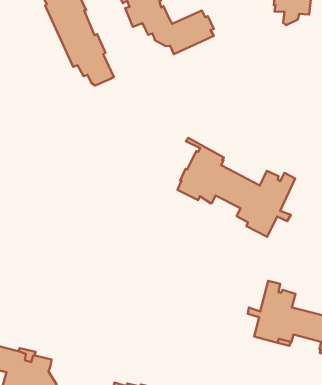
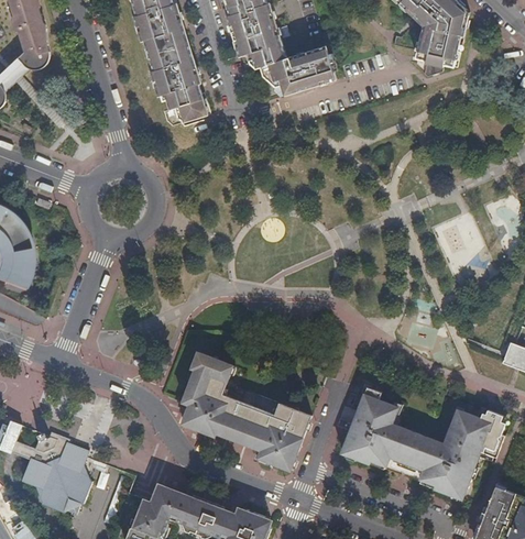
building: [177,138,295,237] -> none
building: none -> [182,353,311,470]

